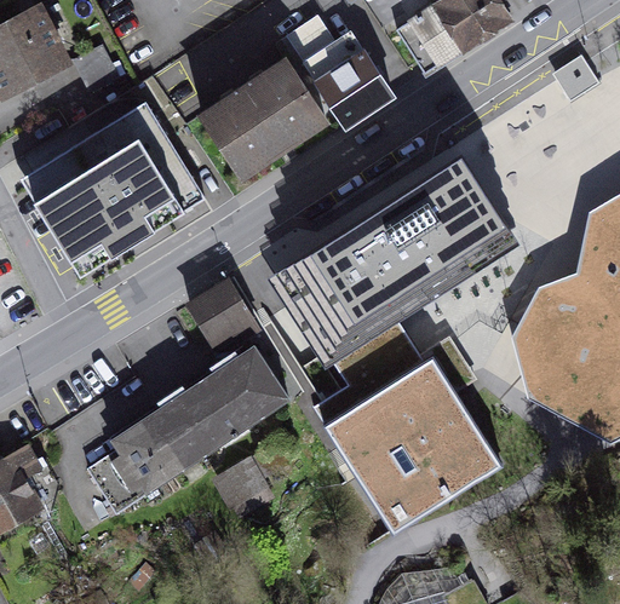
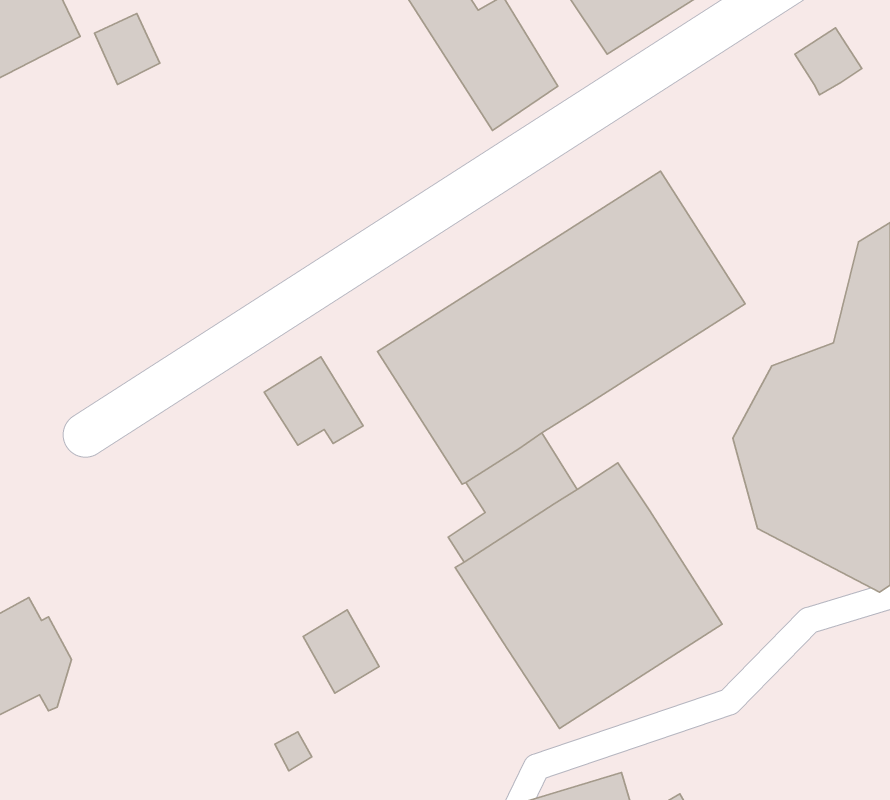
building: [202,59,326,176] -> none
building: [21,102,206,276] -> none
building: [88,346,291,512] -> none

